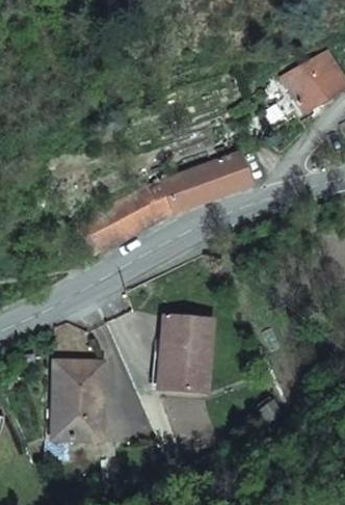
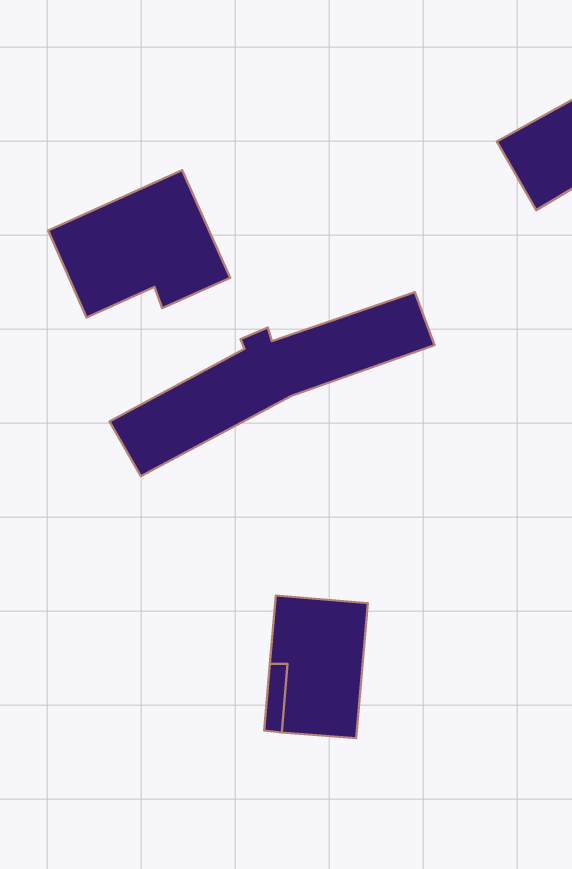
building: none -> [48,170,230,317]
building: [52,360,103,438] -> none

